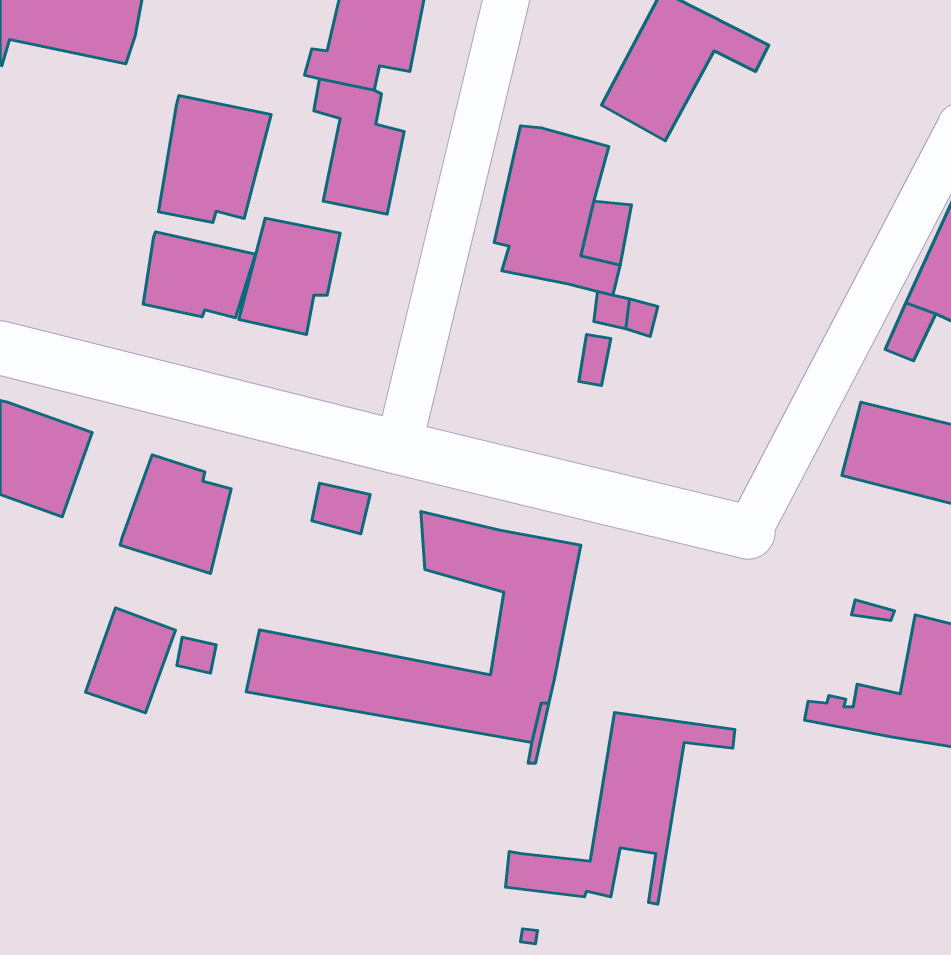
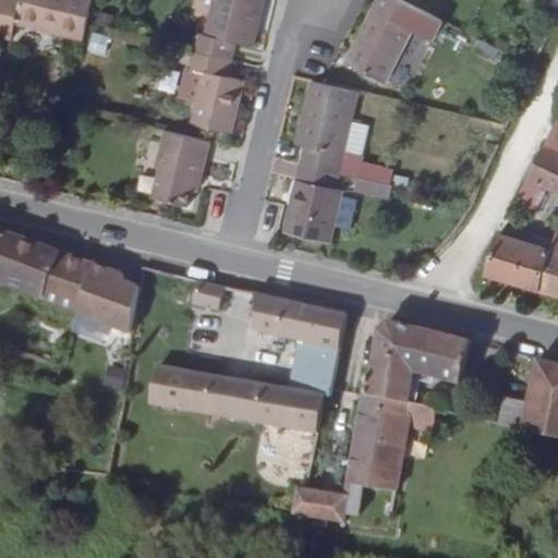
building: [159,96,271,222] -> none
building: [143,232,256,318] -> none
building: none -> [279,157,339,236]
building: none -> [362,324,468,423]
building: [85,608,176,713] -> [41,251,94,312]

